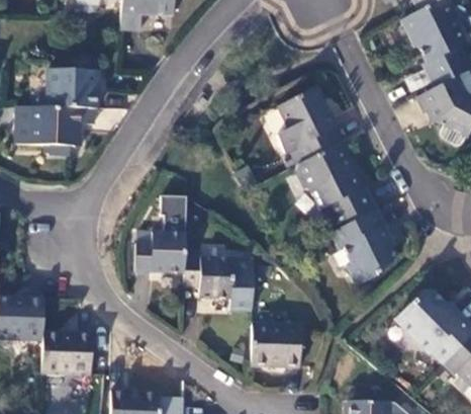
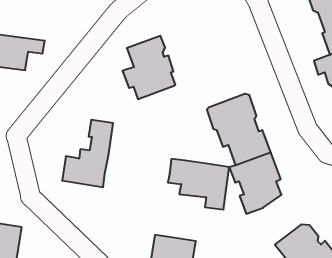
building: [46,70,99,109] -> none
building: [276,87,341,165] -> [122,36,175,99]
building: [183,257,254,310] -> [168,159,229,209]

